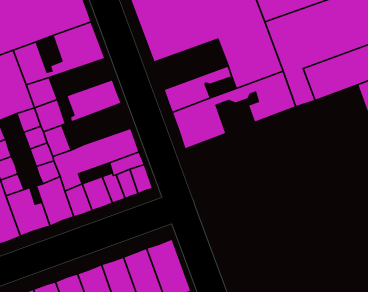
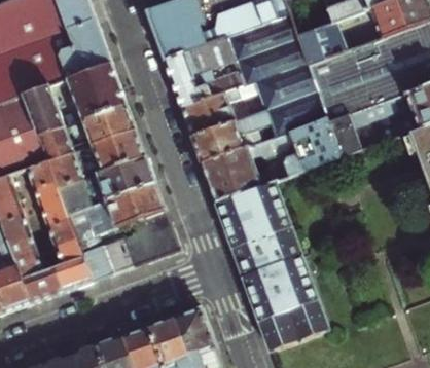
building: none -> [180,82,263,139]
building: none -> [68,104,134,143]
building: none -> [92,154,154,200]
building: none -> [215,184,327,354]

